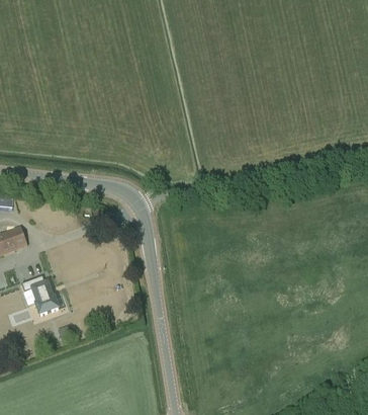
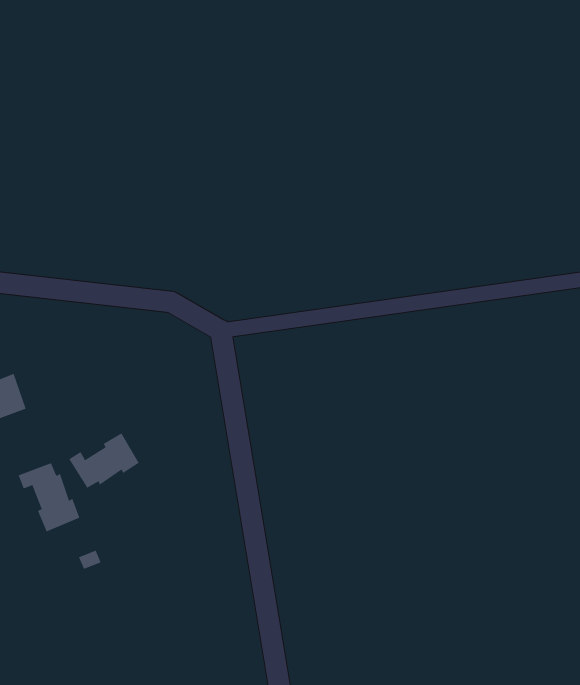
building: none -> [68,432,139,488]

